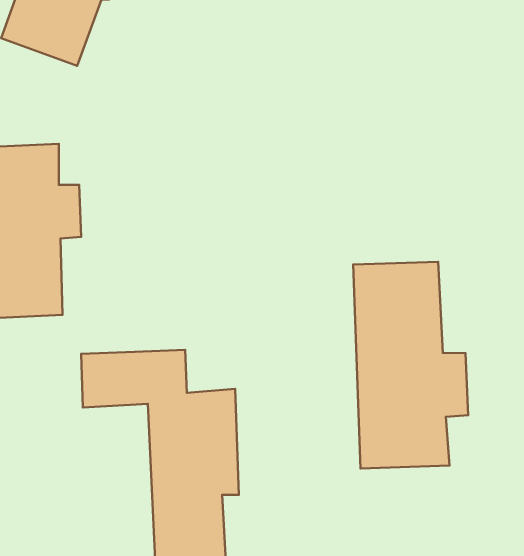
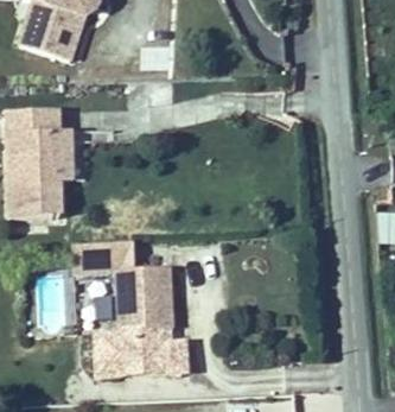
building: [353,262,468,469] -> none

